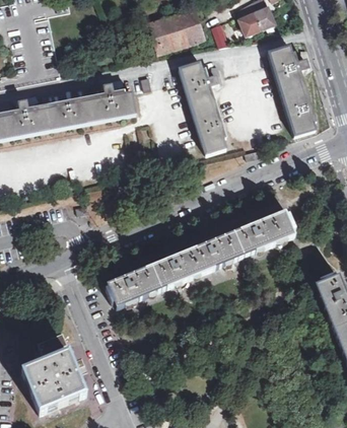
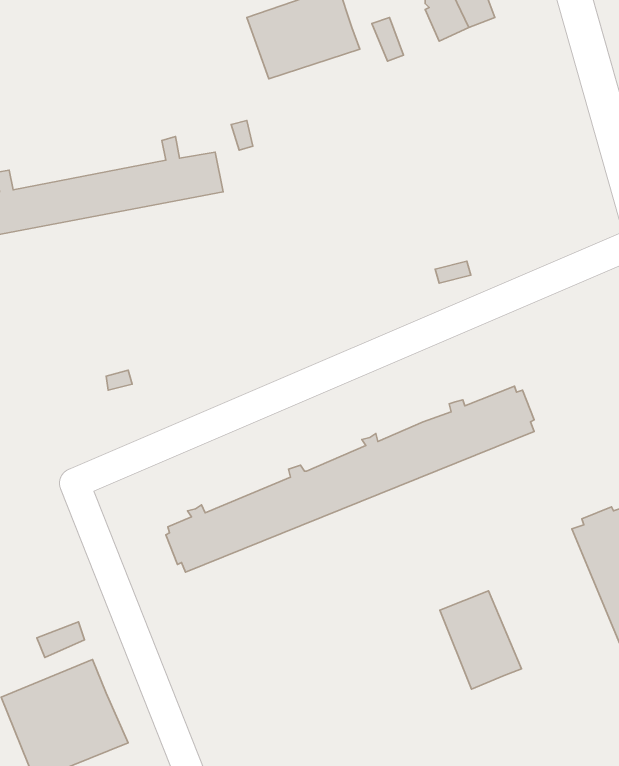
building: [268,45,314,134] -> none
building: [178,61,225,153] -> none
building: none -> [440,591,521,689]

